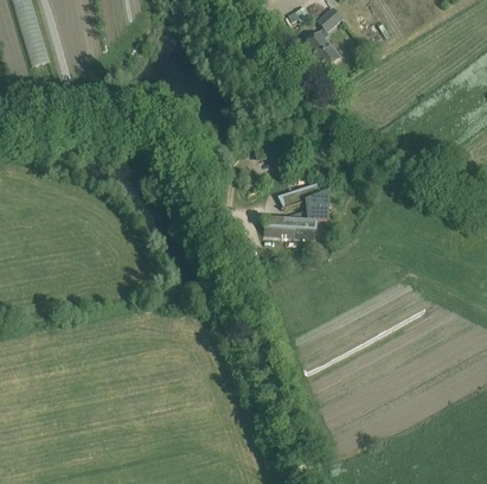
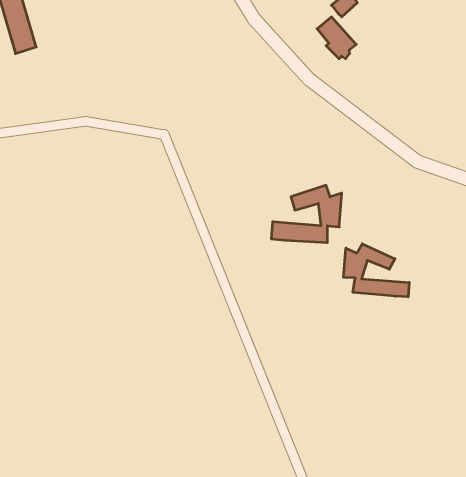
building: none -> [344,244,409,297]

